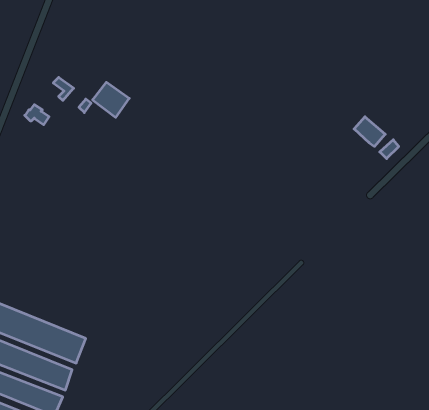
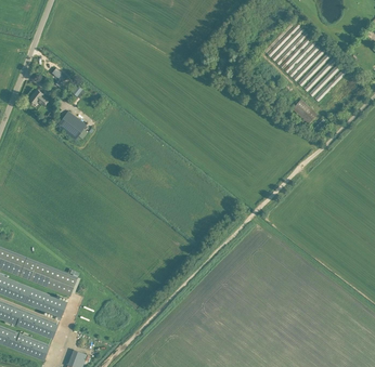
building: [93,82,129,117] -> [56,112,86,140]

